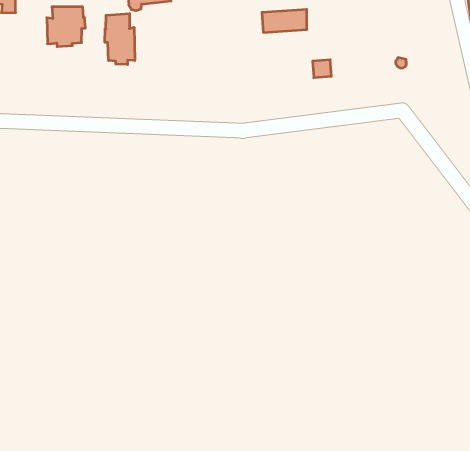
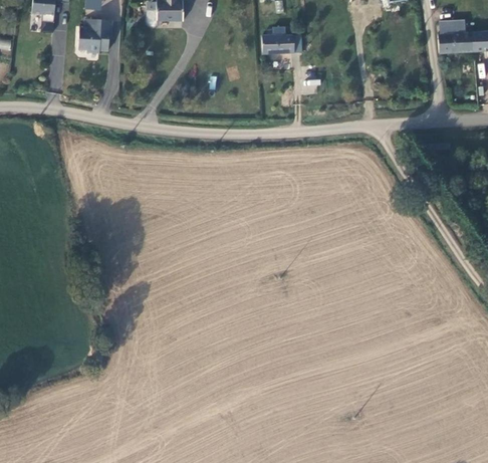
building: [105,14,135,65] -> none

